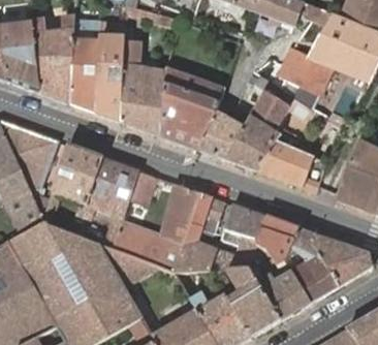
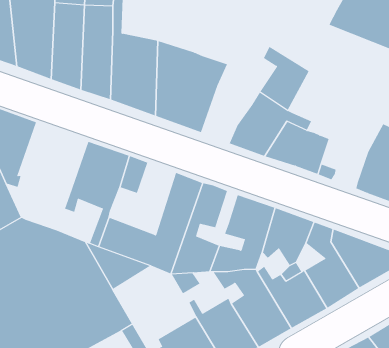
building: [278,46,354,121] -> none
building: [201,108,245,159] -> none
building: [31,145,102,225] -> none

